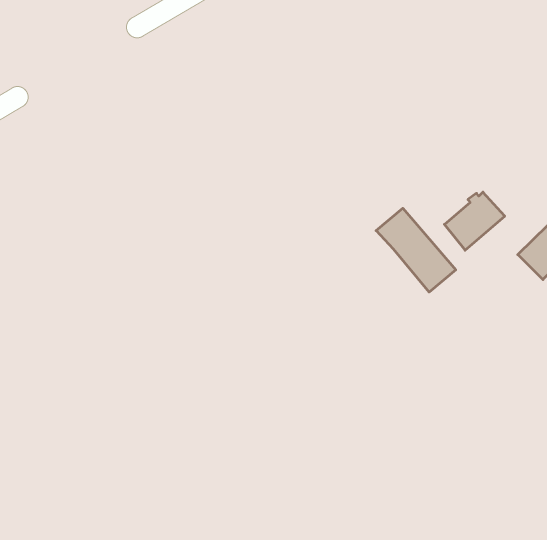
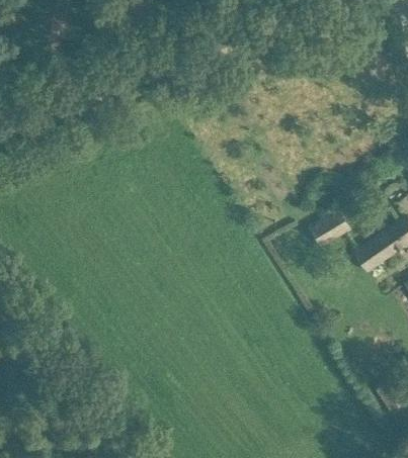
building: [376,208,456,292] -> none

